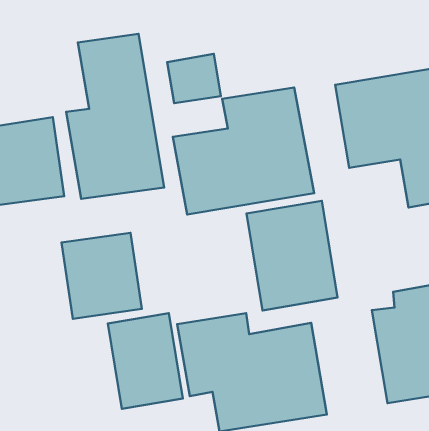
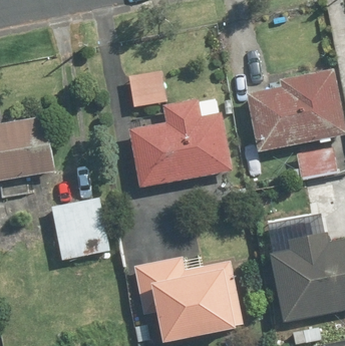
building: [66,34,164,199] -> none
building: [247,201,338,310] -> none
building: [108,313,183,409] -> none

